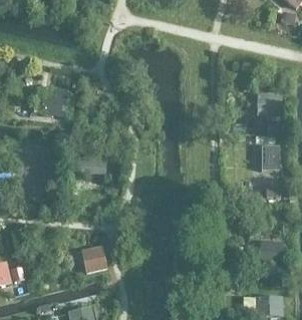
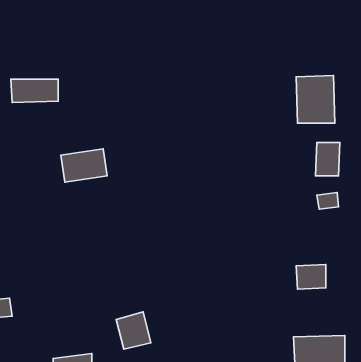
building: [83,245,110,274] -> [116,312,151,349]

